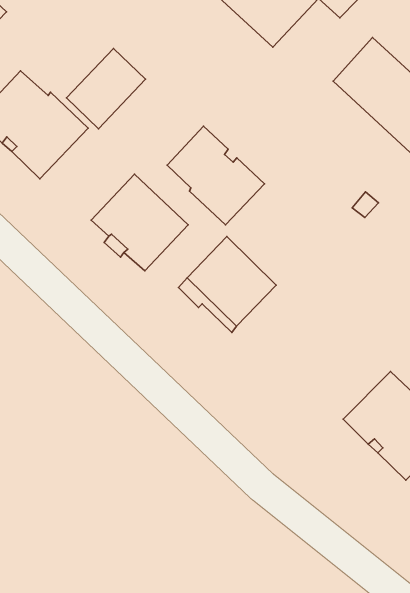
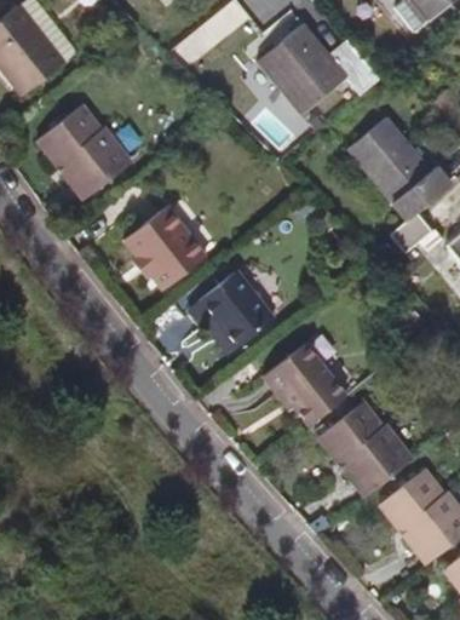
building: [67,48,146,129] -> none
building: [167,126,264,225] -> none
building: none -> [264,345,346,426]

